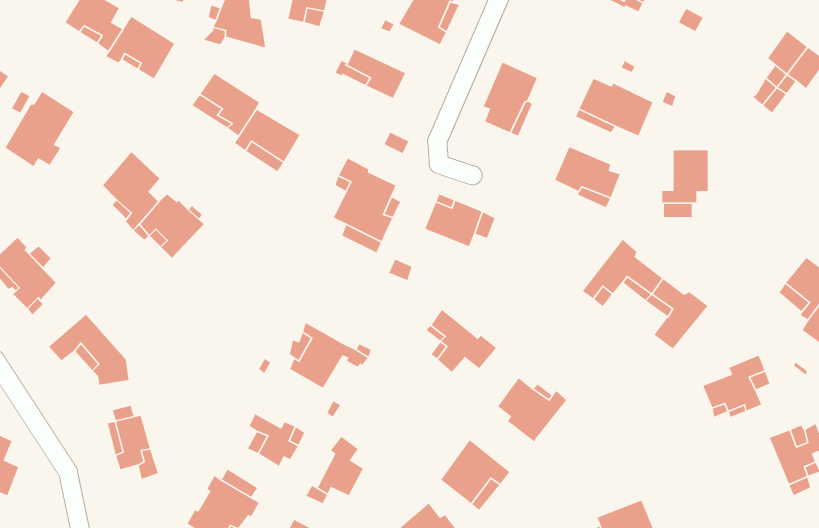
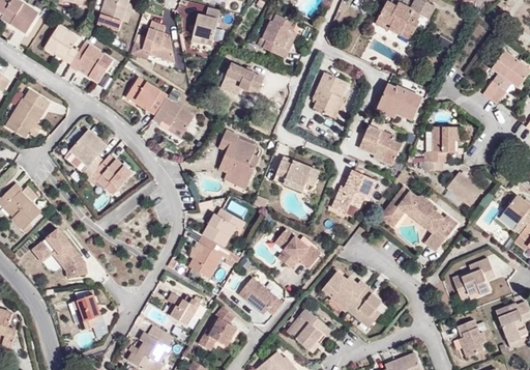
building: none -> [332,171,376,215]
building: none -> [448,173,483,206]
building: none -> [199,210,244,250]
building: none -> [237,277,282,314]
building: none -> [346,286,380,328]
building: none -> [455,318,484,355]

